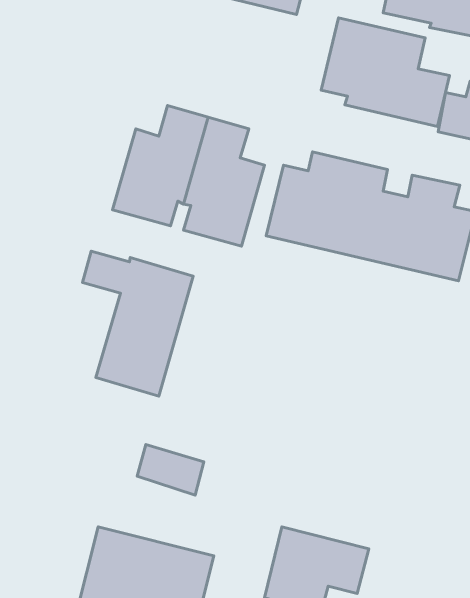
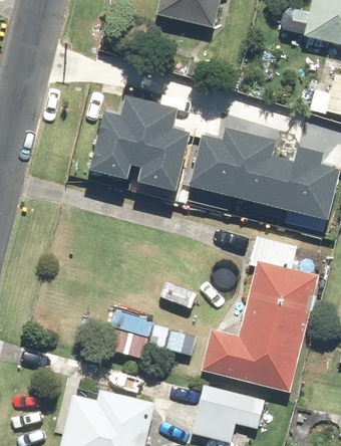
building: [321,18,449,127] -> none
building: [82,251,193,396] -> none
building: none -> [203,237,322,392]

